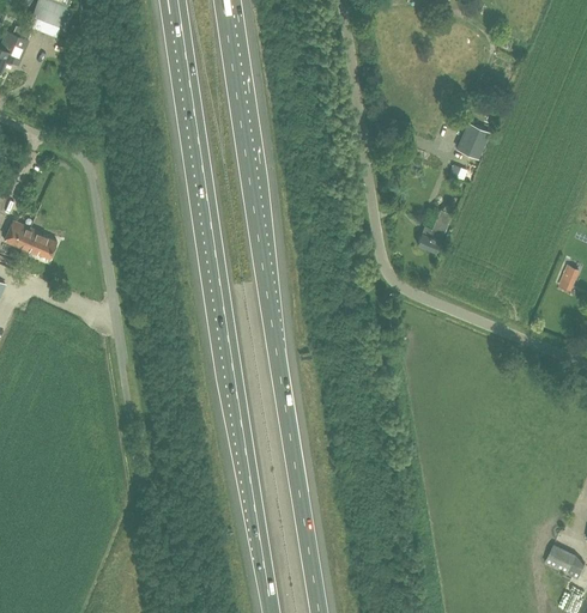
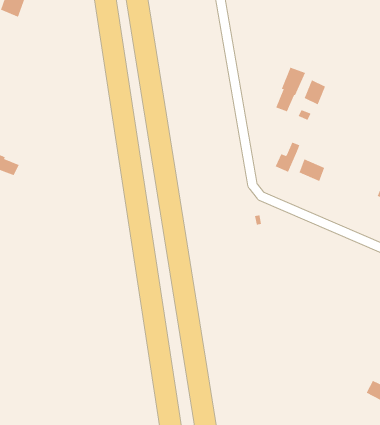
building: none -> [275,67,306,112]
building: none -> [299,158,325,182]

